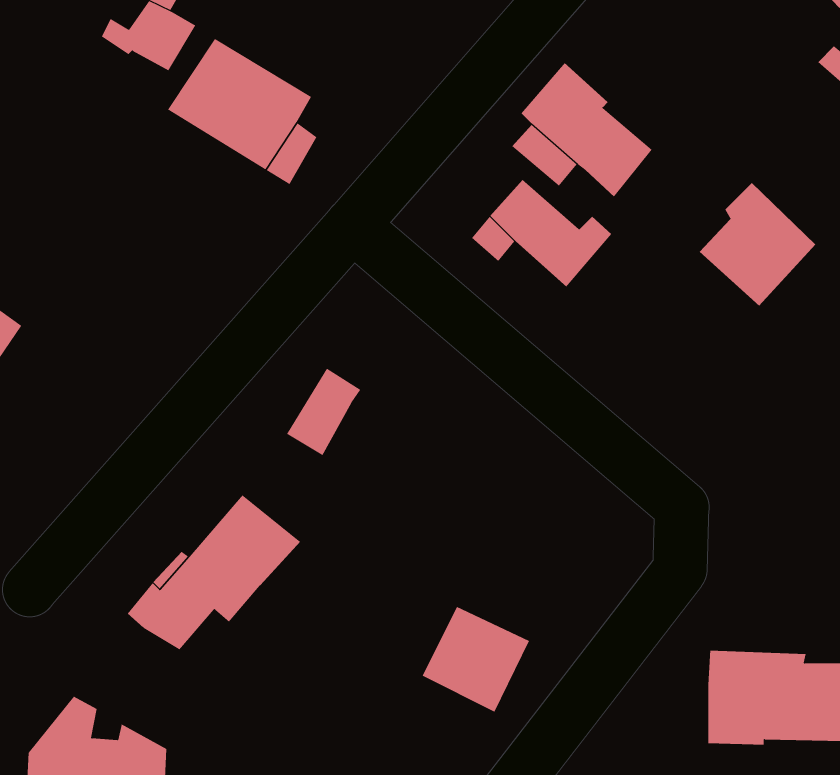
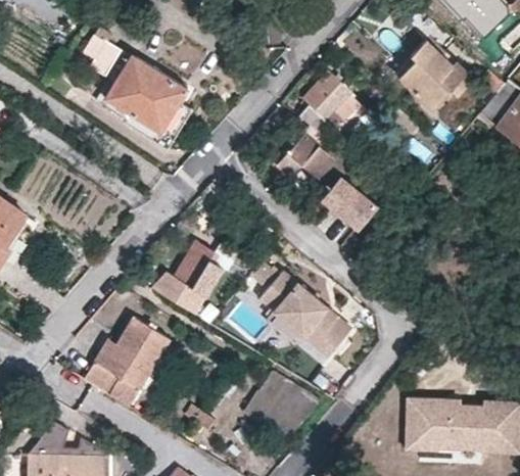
building: [699,182,816,307] -> [398,41,464,110]
building: none -> [323,181,376,232]
building: none -> [152,260,223,313]
building: none -> [262,274,352,358]

